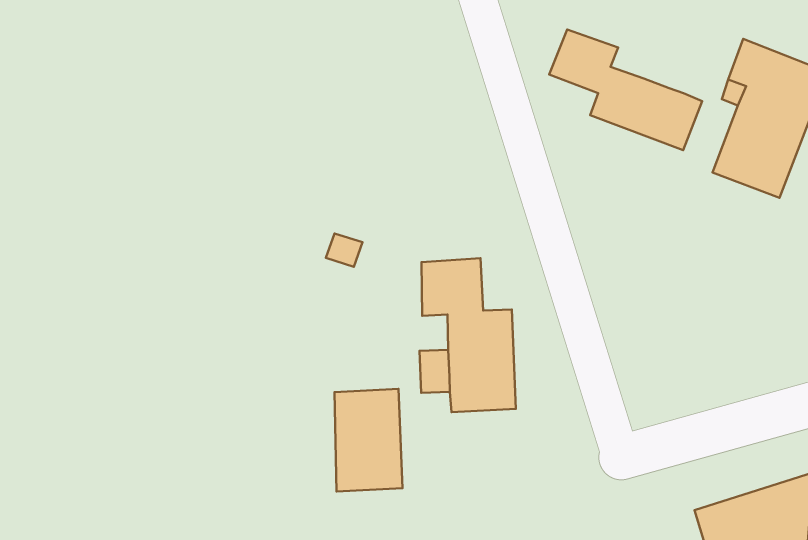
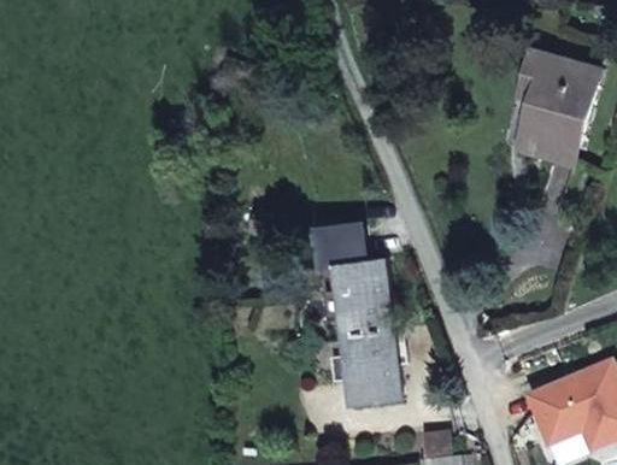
building: [549,30,702,150] -> none
building: [334,389,402,491] -> [347,329,401,406]

